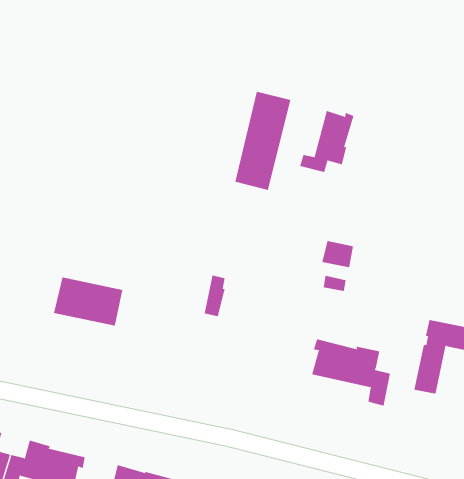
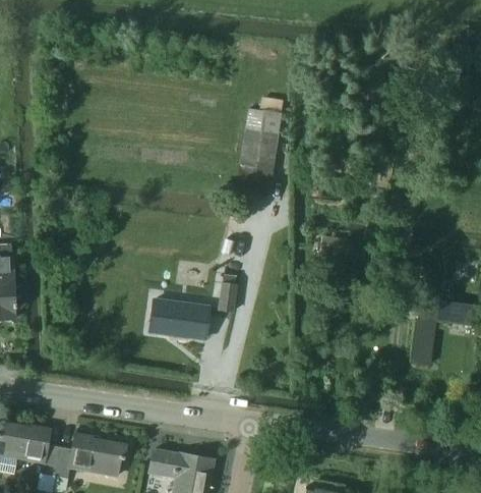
building: [299,110,354,173] -> none
building: [53,277,123,326] -> [149,299,209,339]
building: [312,339,390,406] -> none

